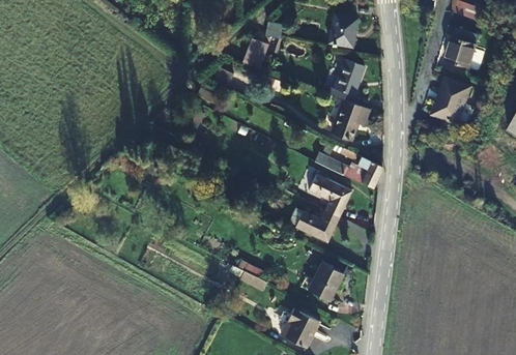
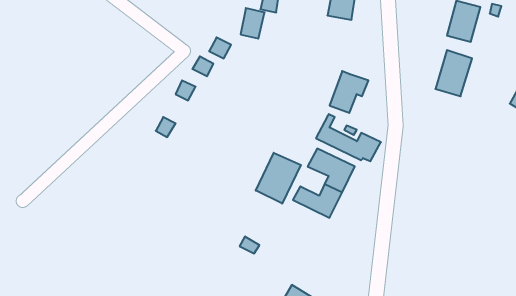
building: [325,58,364,100] -> none
building: none -> [256,153,301,204]
building: [307,262,343,301] -> none

